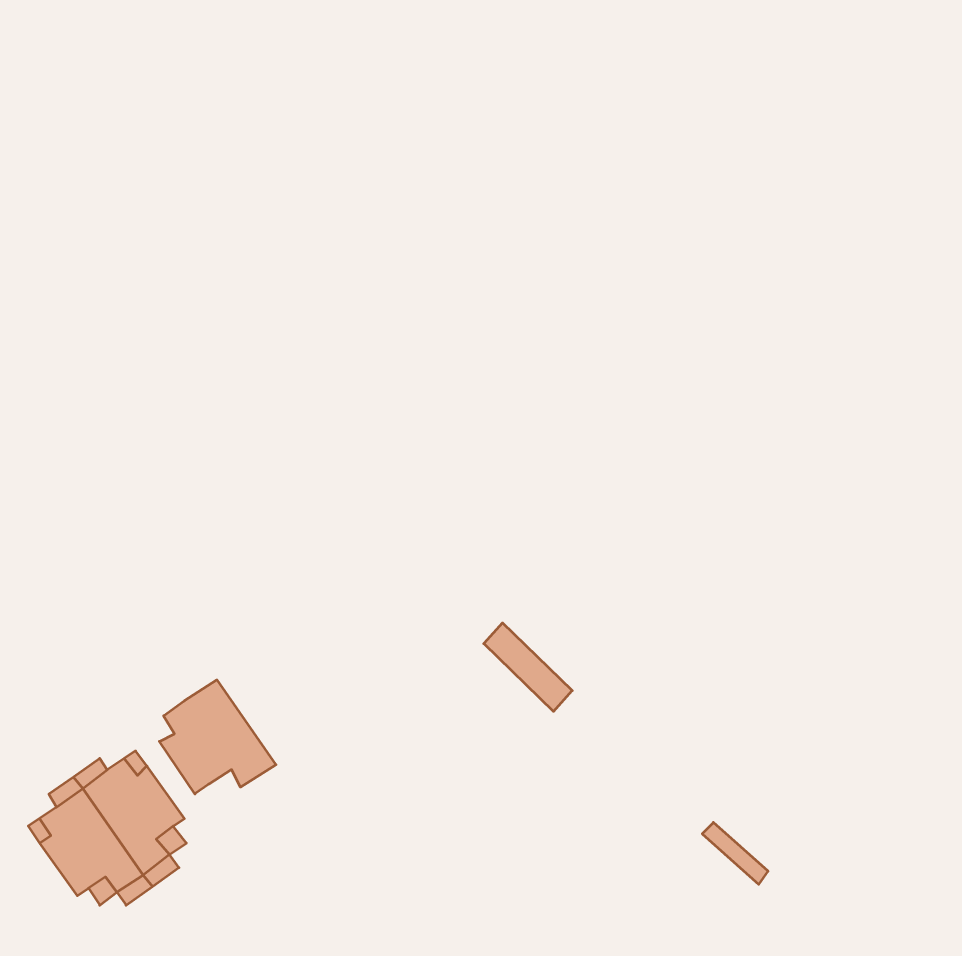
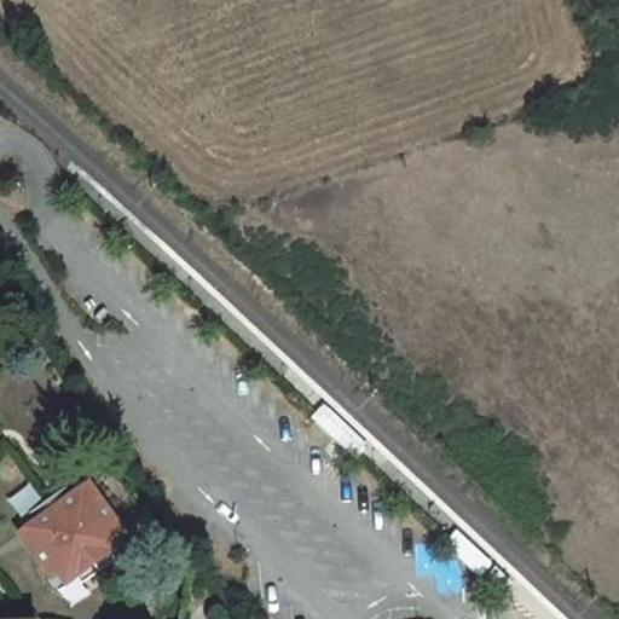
building: [159,680,276,794] -> none

